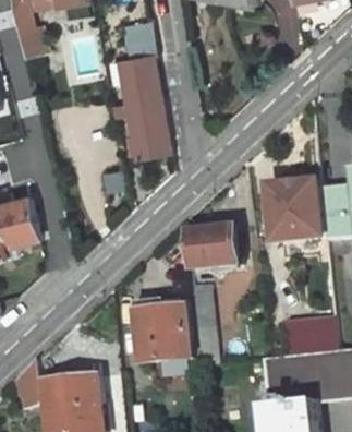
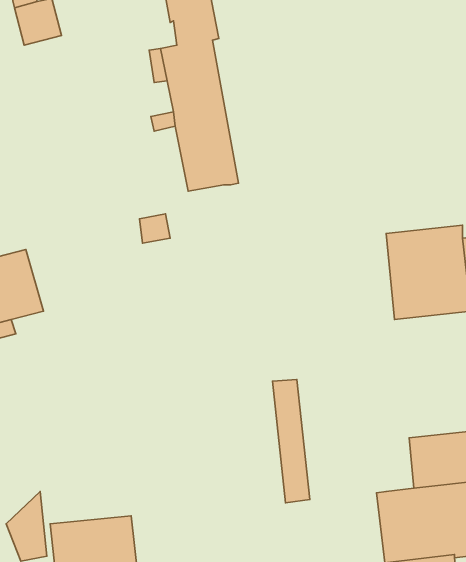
building: [185,226,238,268] -> none
building: [139,304,194,367] -> none

